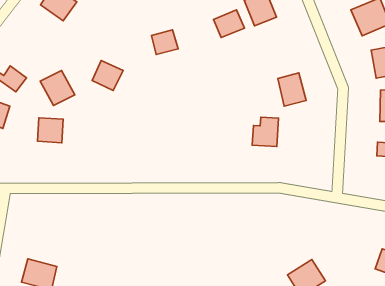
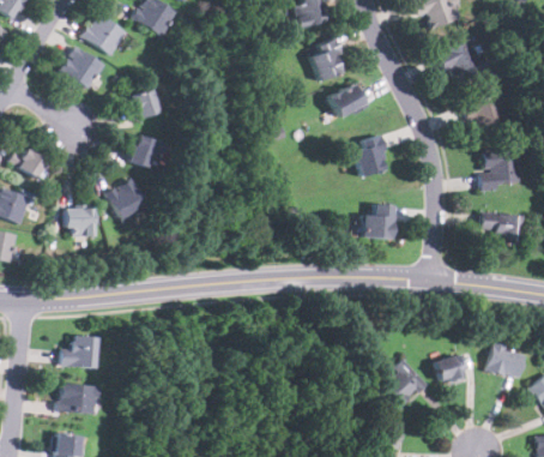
building: [213,10,244,38] -> [330,83,368,118]
building: [151,30,178,54] -> [127,88,161,119]
building: [40,71,75,105] -> [105,179,149,222]
building: [252,117,278,147] -> [365,204,395,239]
building: none -> [61,335,97,368]
building: none -> [436,353,467,384]

